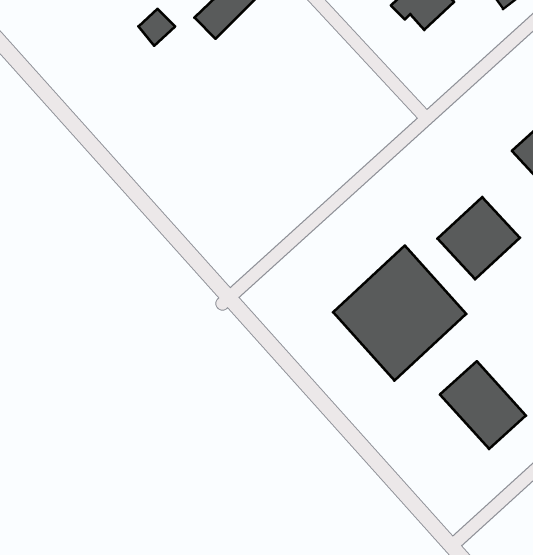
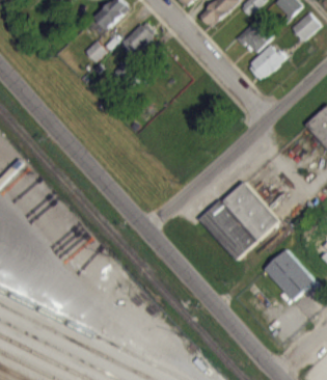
building: none -> [247,44,285,81]
building: [437,197,520,279] -> none

